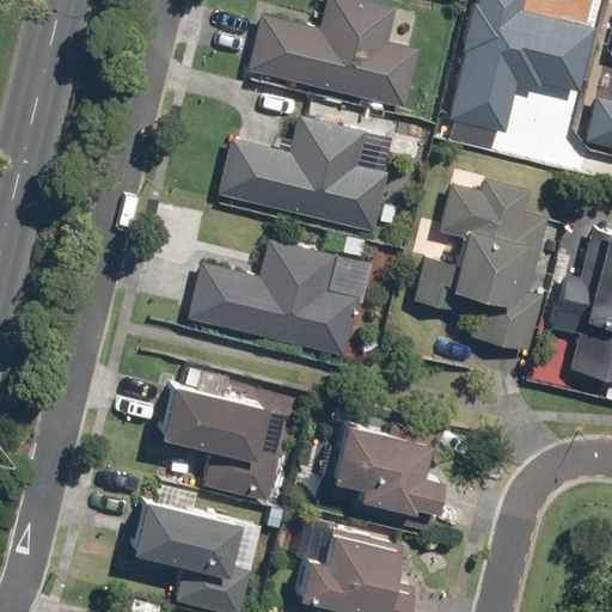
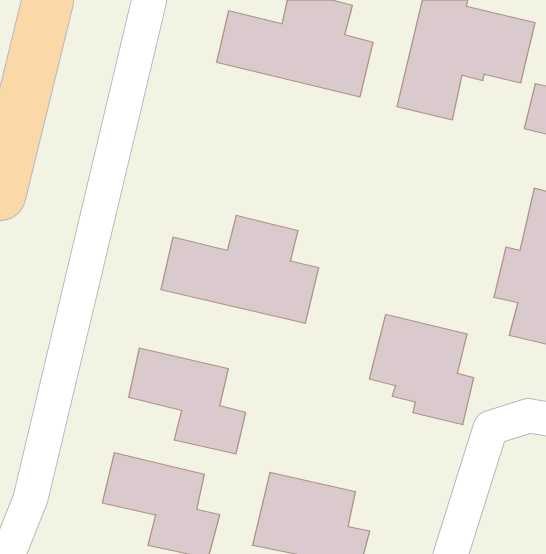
building: [218,115,391,233] -> none
building: [412,177,561,351] -> none
building: [325,411,440,532] -> [369,315,474,425]

